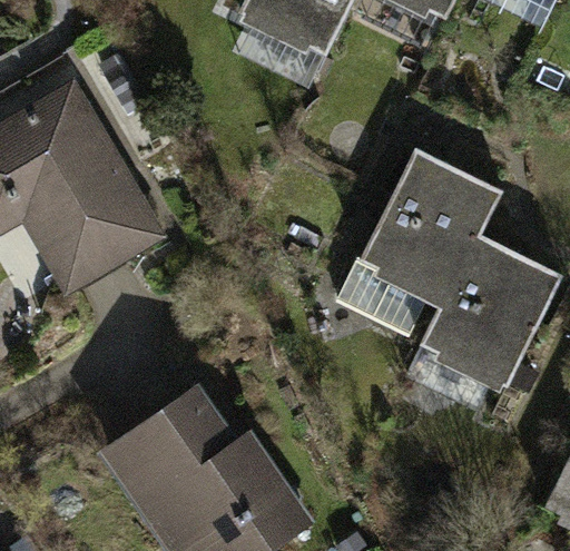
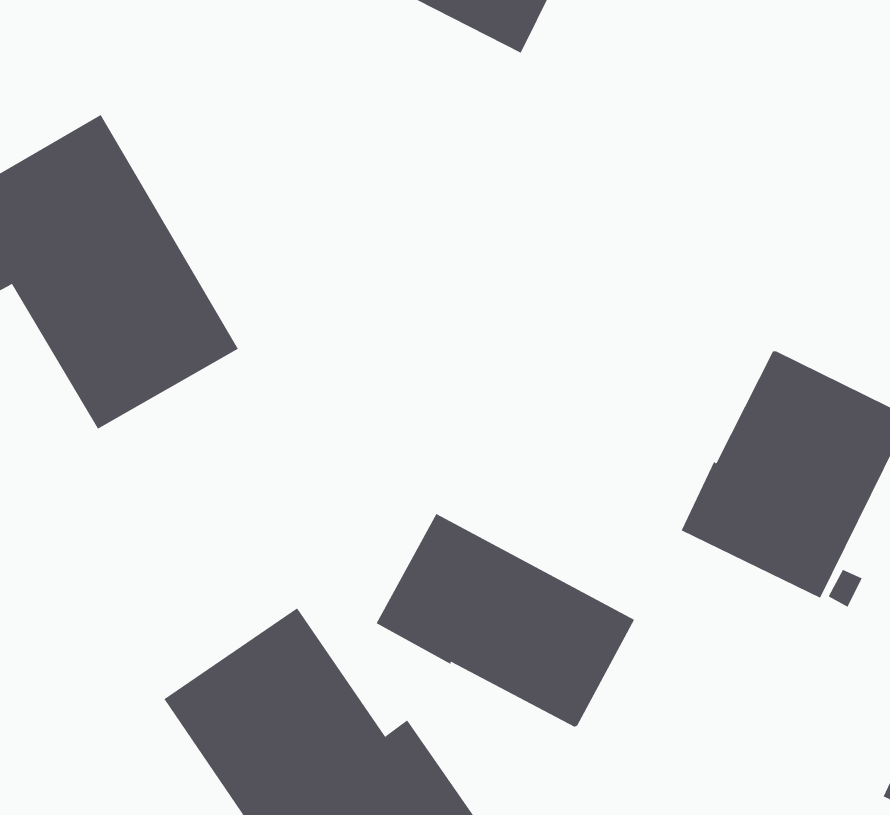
building: [336,148,502,335] -> none
building: none -> [376,513,635,728]

